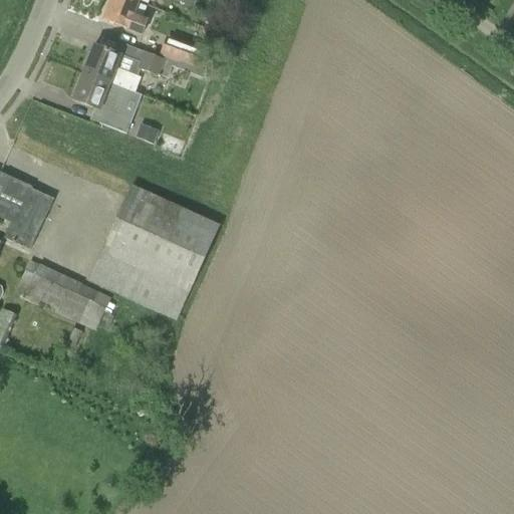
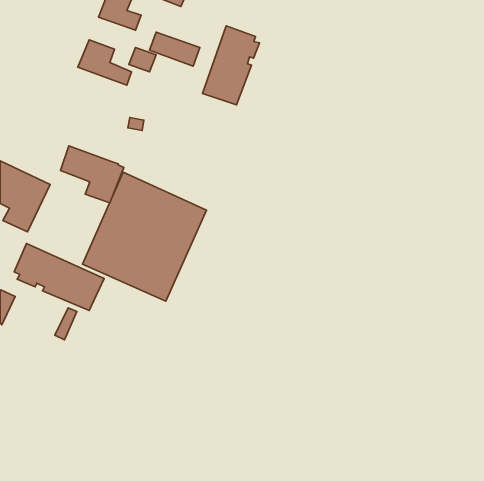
building: none -> [203,26,259,105]
building: [73,71,141,132] -> [60,146,124,203]

